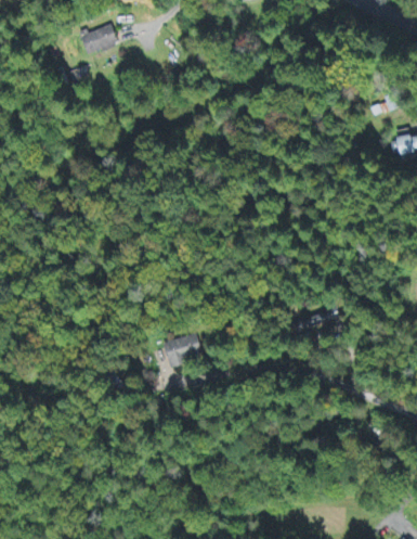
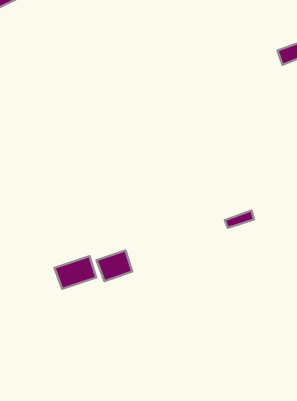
building: none -> [55,256,96,289]

